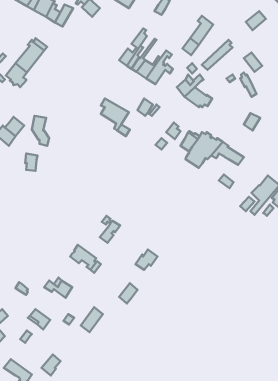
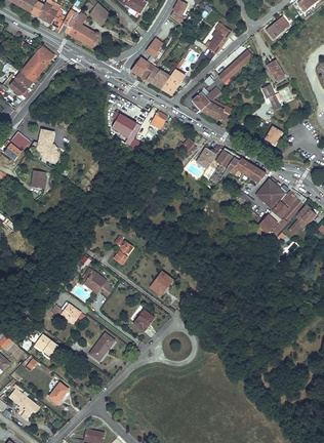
building: none -> [71,12,102,48]
building: none -> [256,178,286,208]

